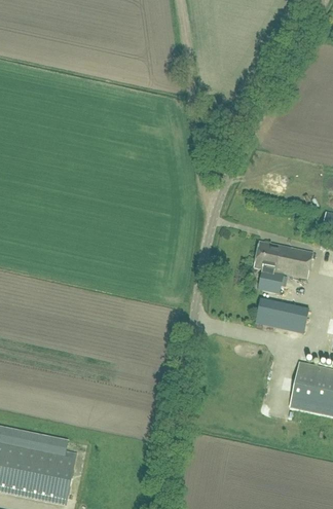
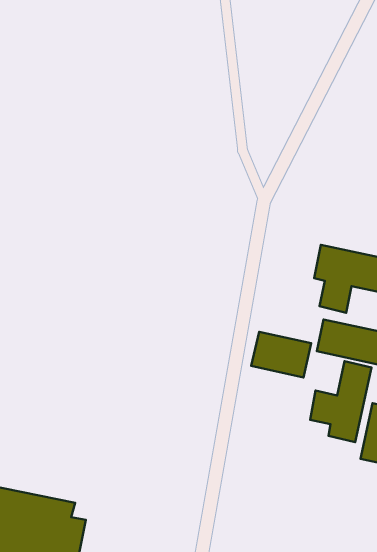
building: none -> [251,332,311,377]
building: none -> [310,361,371,442]

